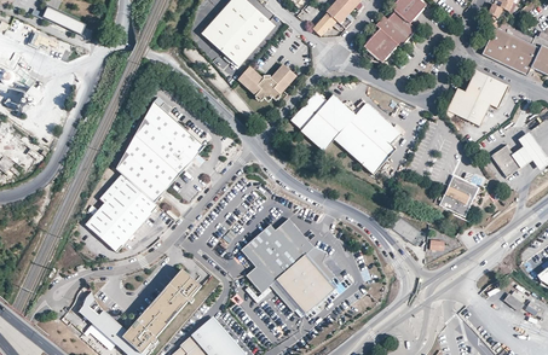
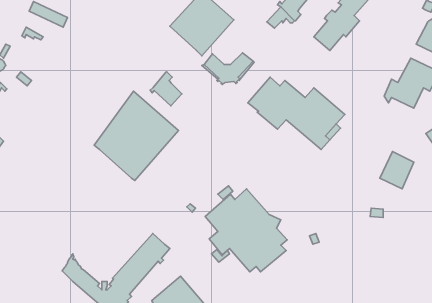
building: none -> [150,72,182,106]
building: [85,174,157,252] -> none

